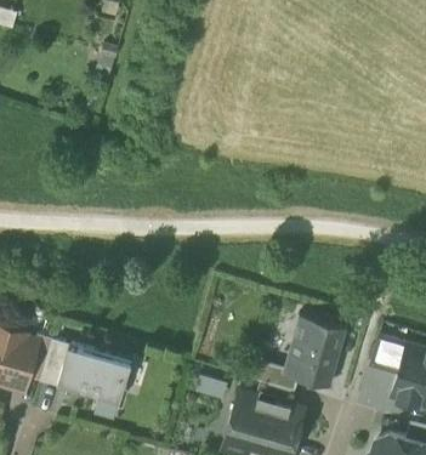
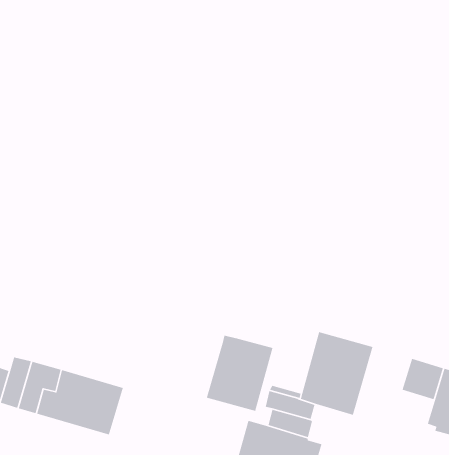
building: none -> [206,335,274,412]

